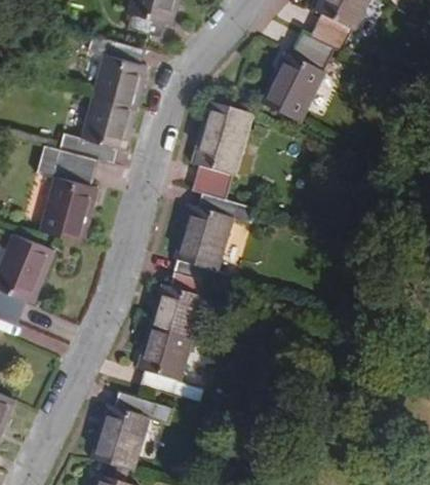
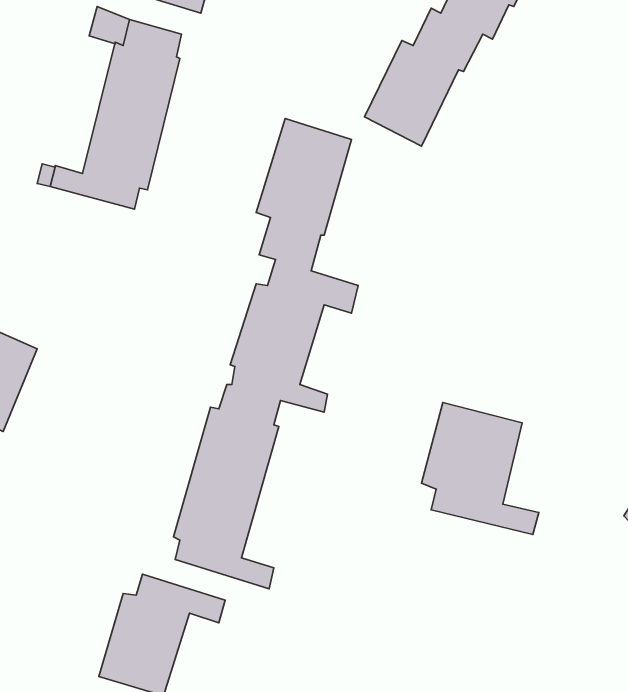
building: [38,157,97,238] -> none
building: none -> [422,403,539,535]

